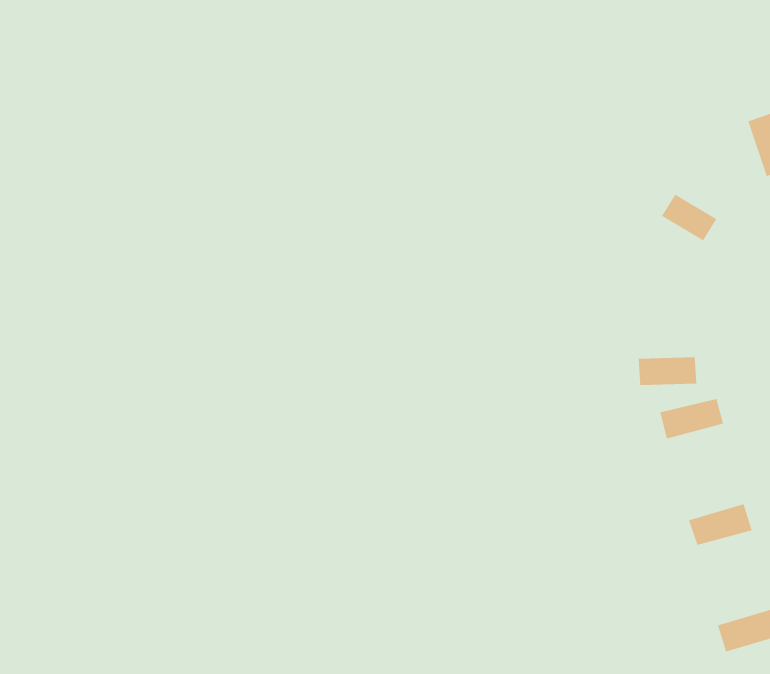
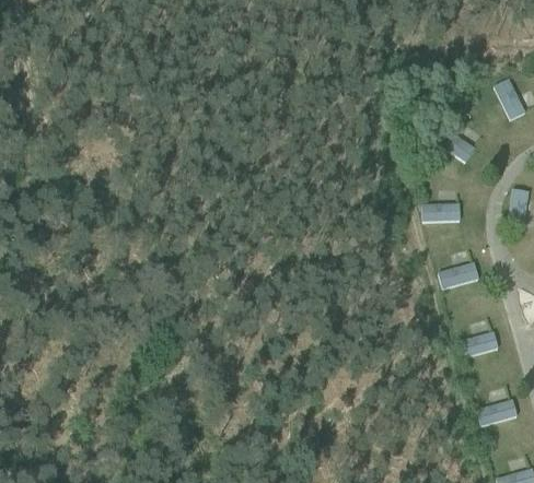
building: [638,357,697,385] -> [422,203,461,222]

